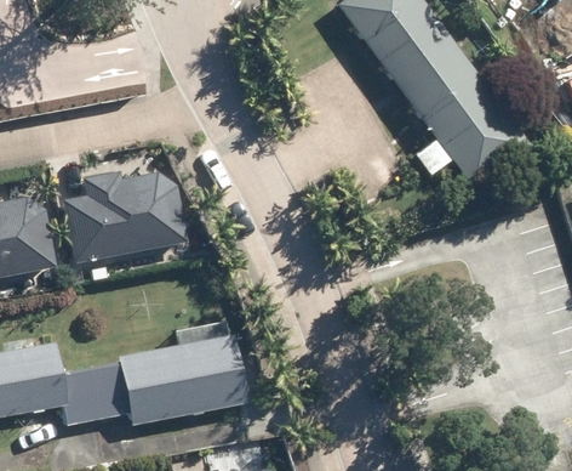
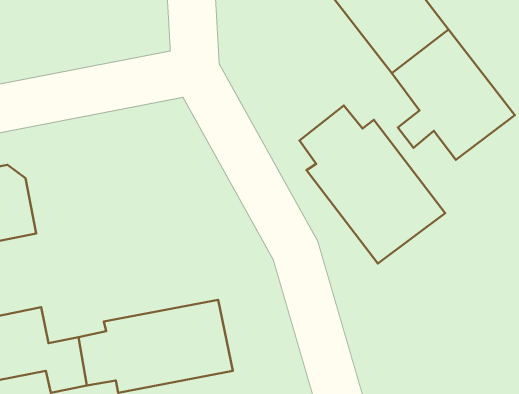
building: none -> [299,106,445,263]
building: [61,171,185,263] -> none

